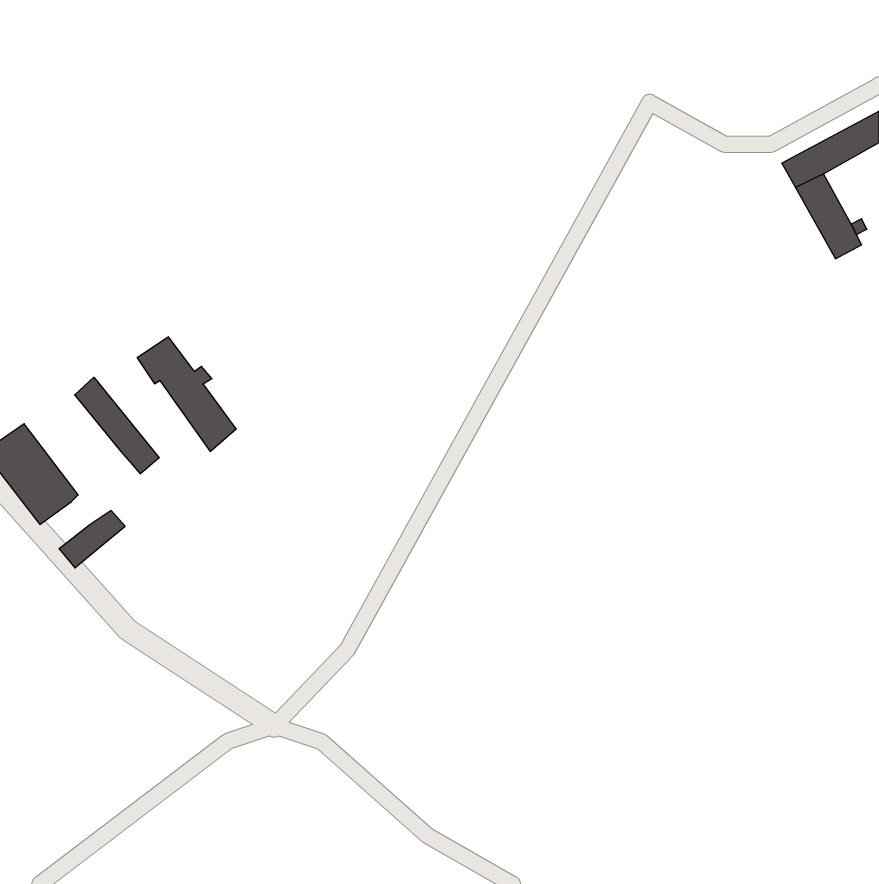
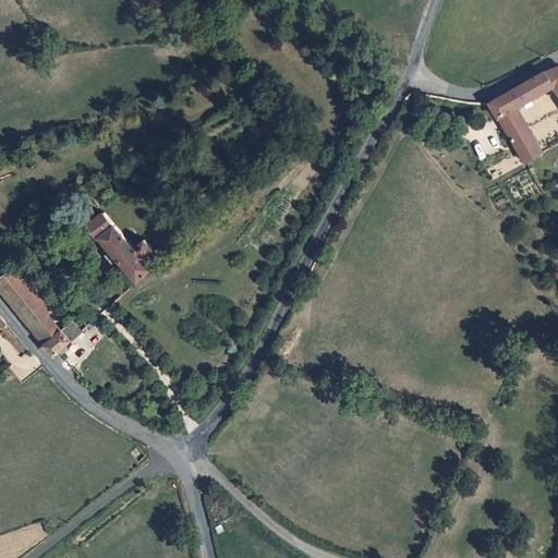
building: [75,377,159,474] -> none
building: none -> [25,315,57,344]

